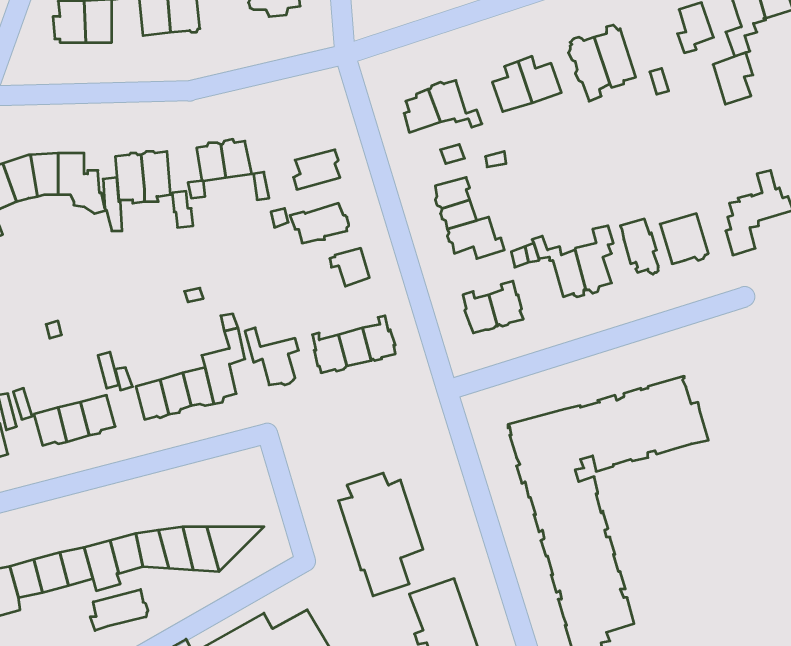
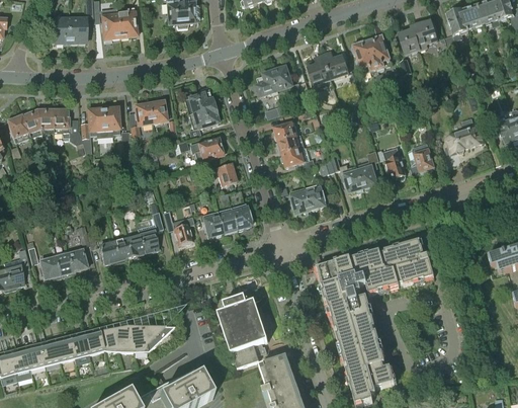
building: [713,52,753,104] -> [398,23,421,54]
building: none -> [184,88,215,111]
building: [90,589,148,631] -> none

